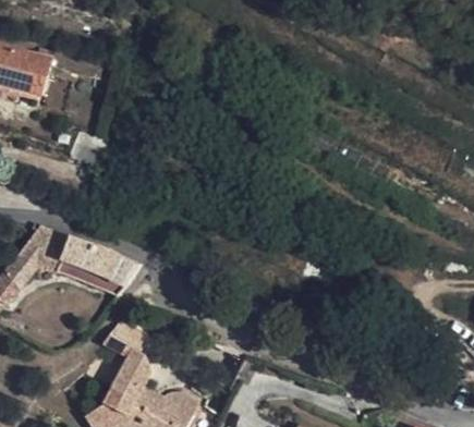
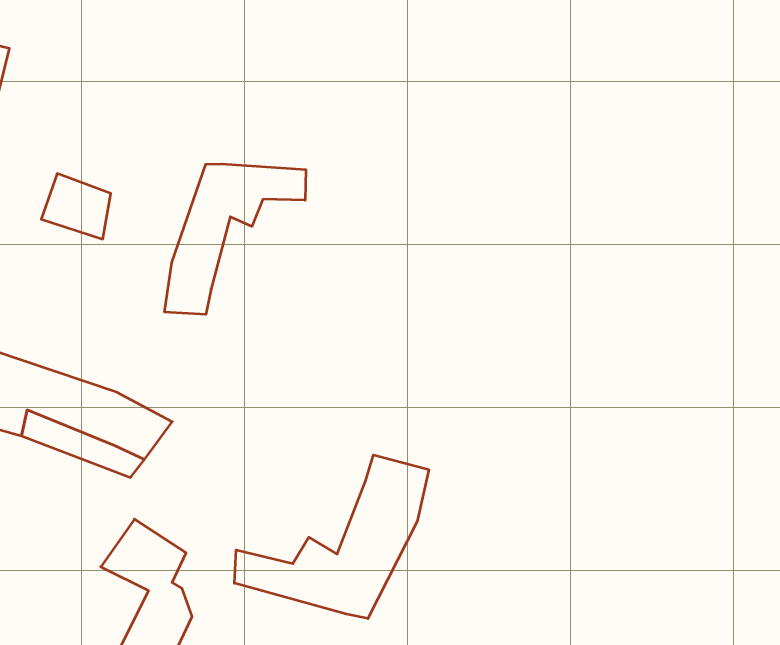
building: none -> [165,164,306,314]
building: none -> [234,455,429,619]

